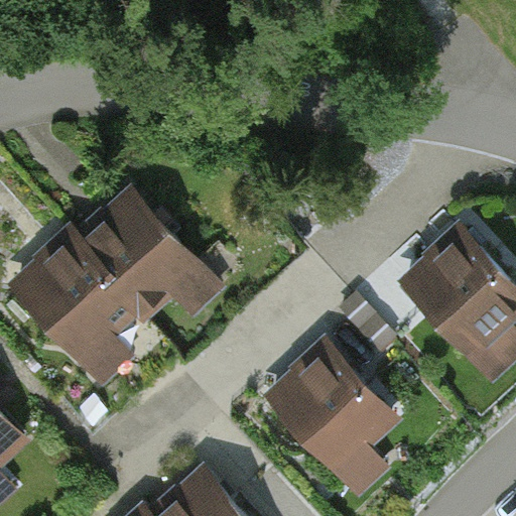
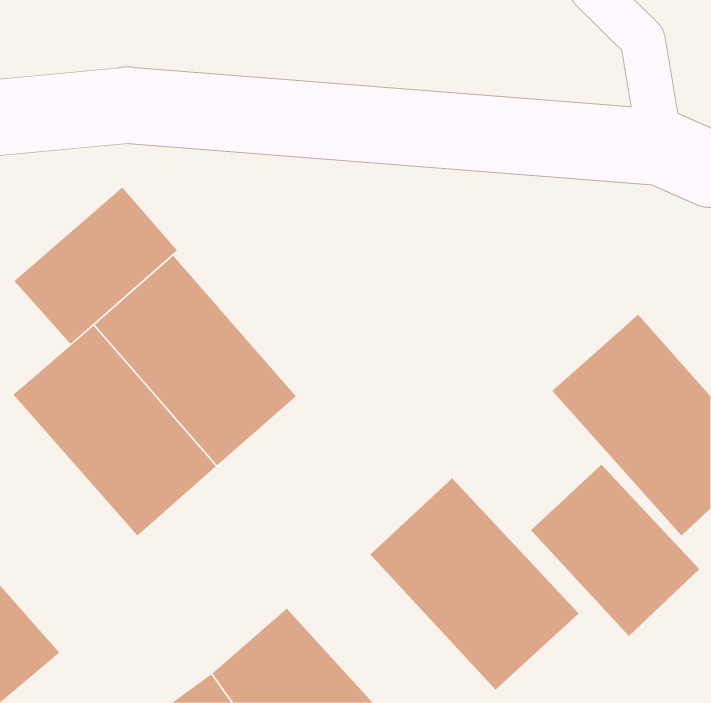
building: none -> [14,187,178,345]
building: none -> [530,464,700,637]

